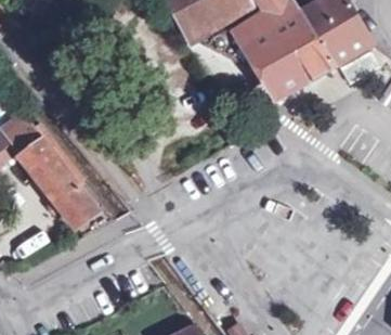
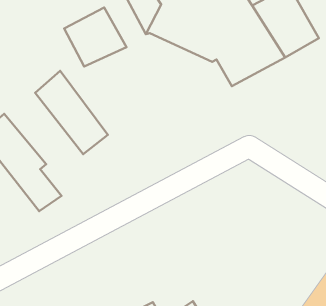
building: none -> [64,7,127,67]
building: none -> [35,71,108,154]

